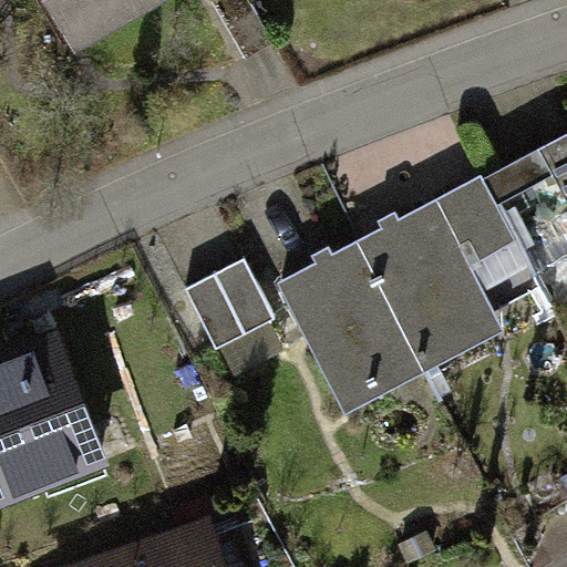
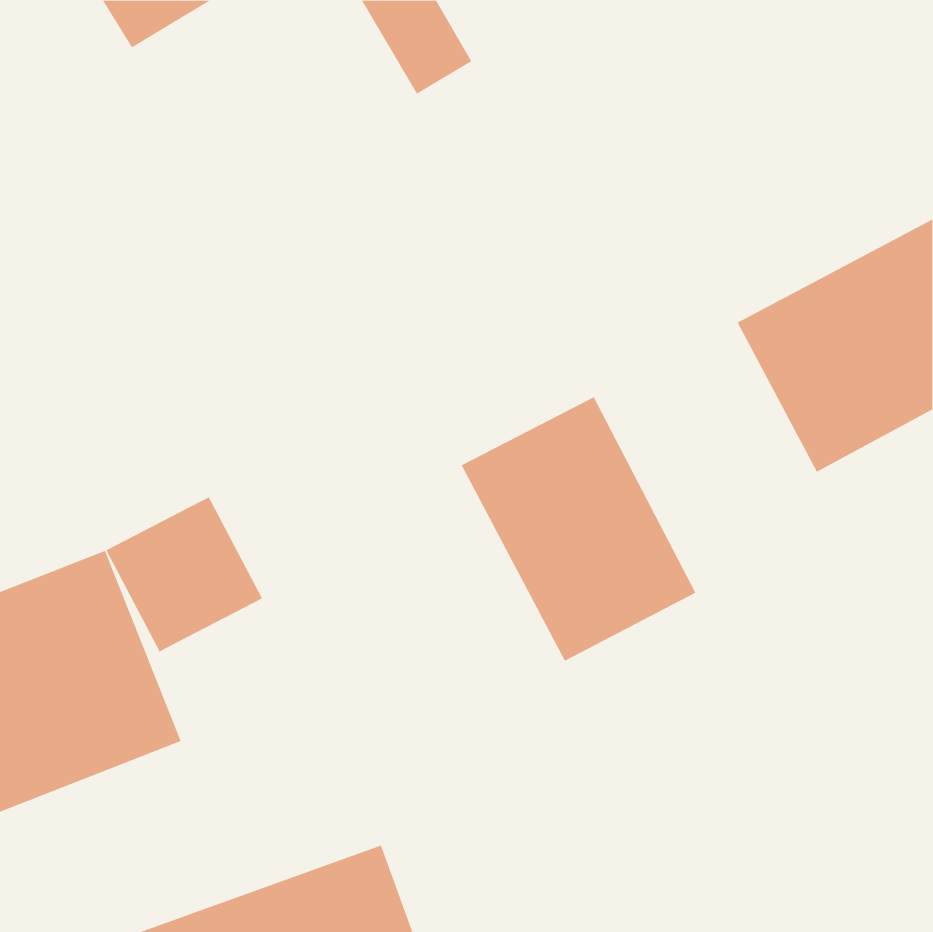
building: [355,202,503,363] -> none
building: [184,265,278,358] -> [106,497,263,652]

